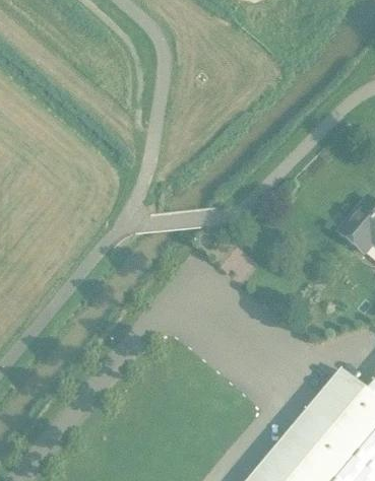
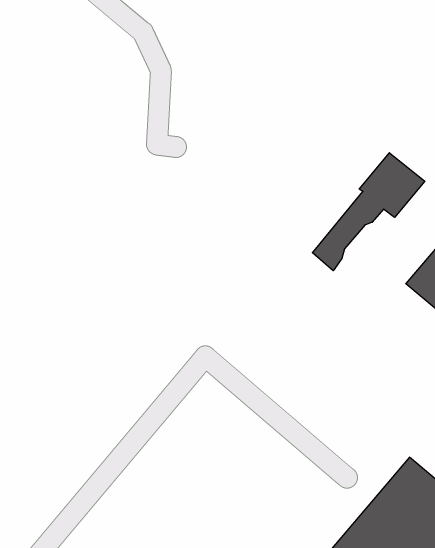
building: none -> [312,153,425,271]

